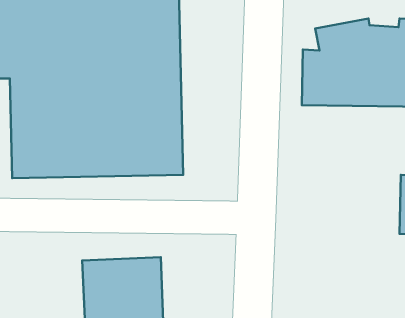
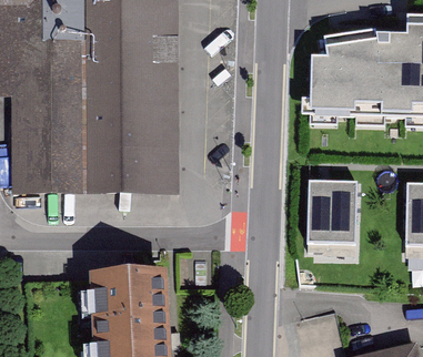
building: none -> [305,184,353,246]

